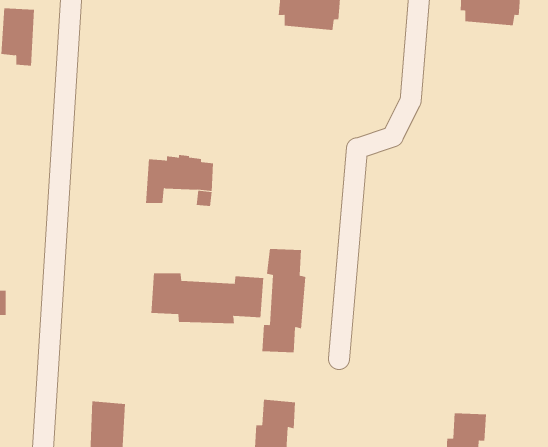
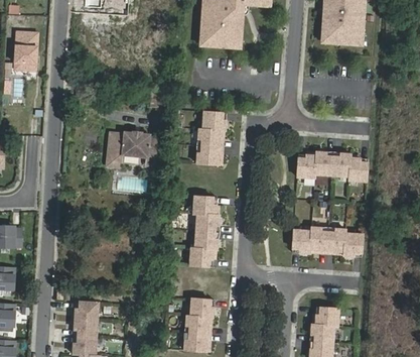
building: none -> [195,111,226,164]
building: none -> [298,151,369,182]
building: [151,272,264,324] -> none
building: none -> [293,227,365,256]

